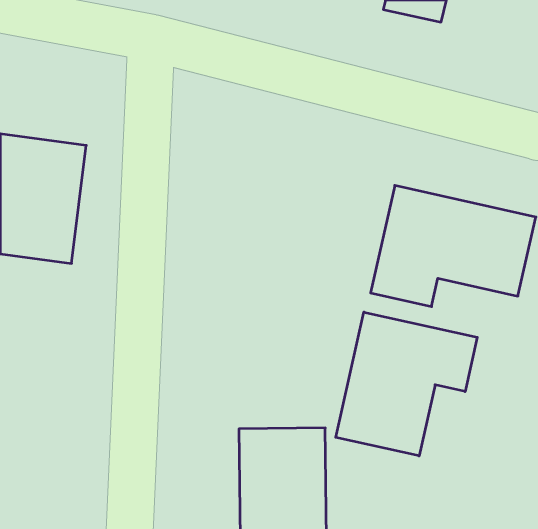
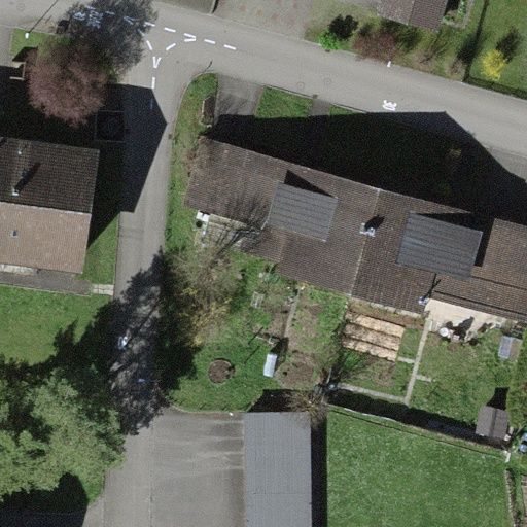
building: none -> [215,153,386,295]
building: [336,312,477,456] -> none

